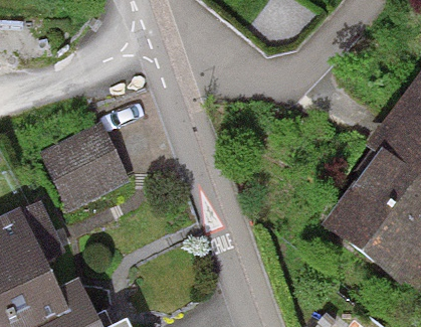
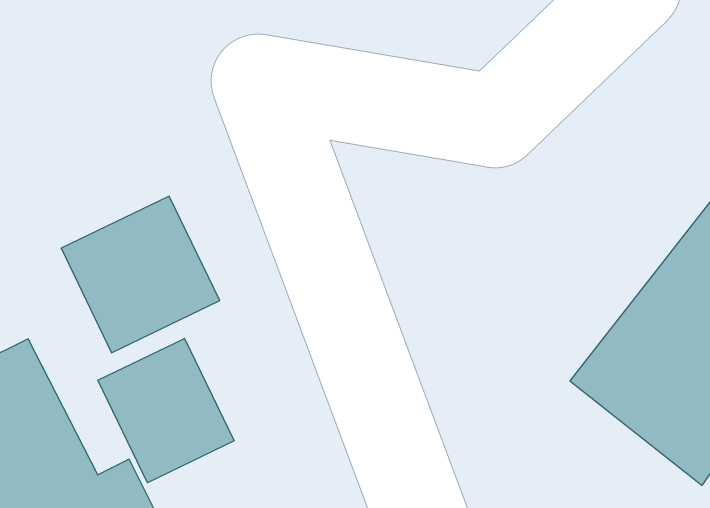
building: none -> [98,338,234,483]

